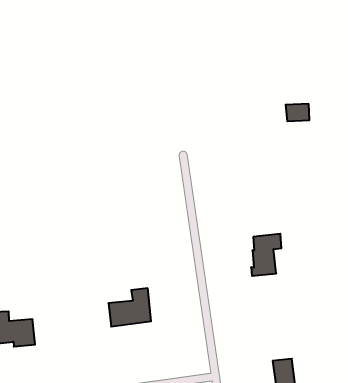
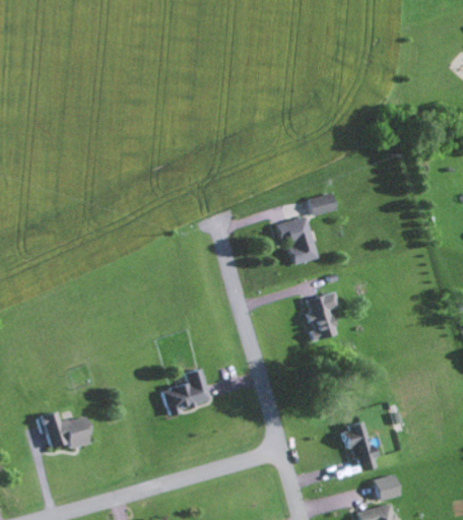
building: [286,104,309,121] -> [308,193,335,214]
building: none -> [275,216,316,264]

